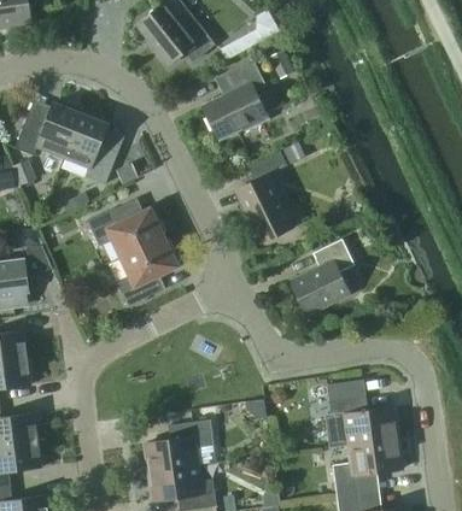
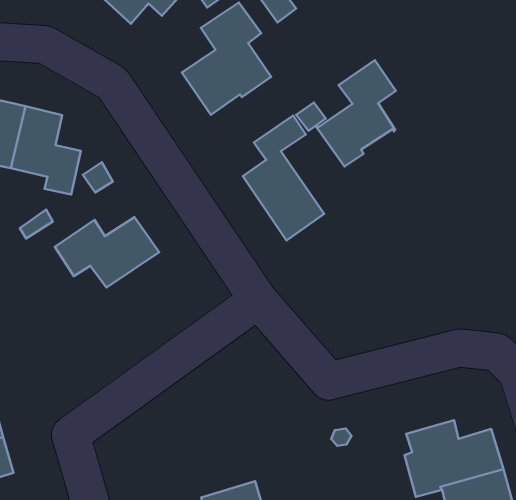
building: [116,236,177,305] -> none
building: [290,239,353,315] -> [316,60,396,167]

